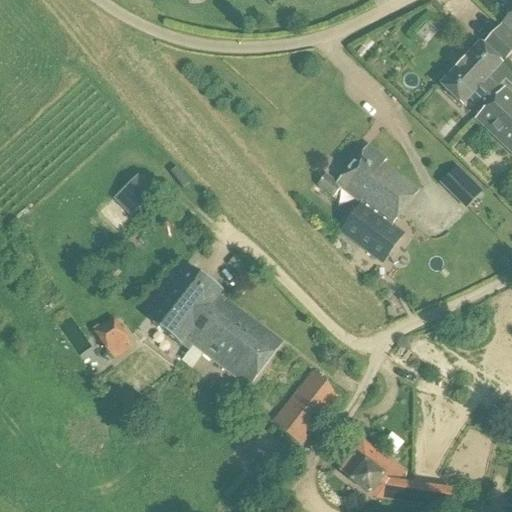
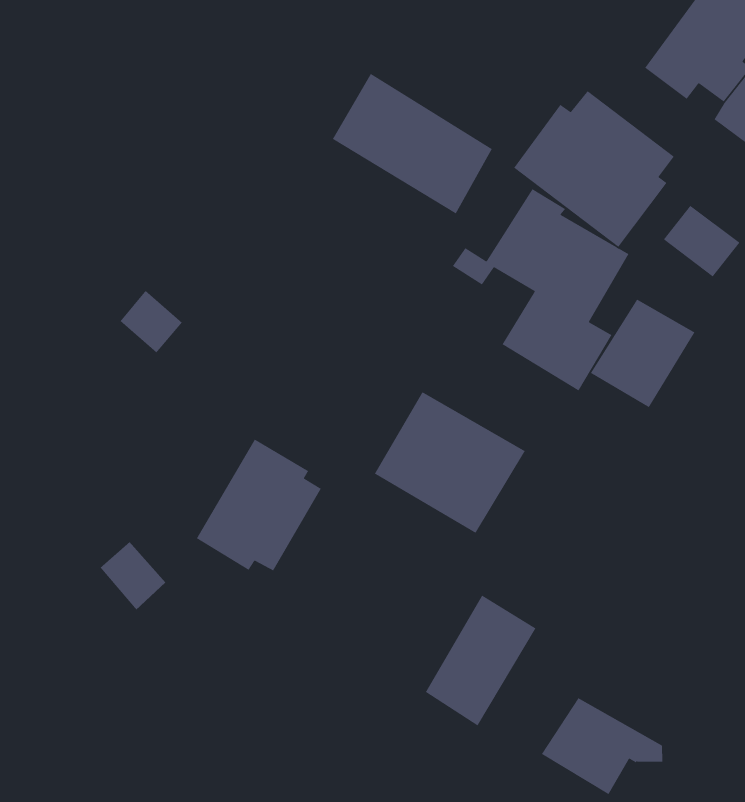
building: none -> [332,73,493,215]
building: none -> [513,90,675,248]
building: none -> [590,299,695,408]
building: [195,300,283,385] -> [374,391,526,534]

